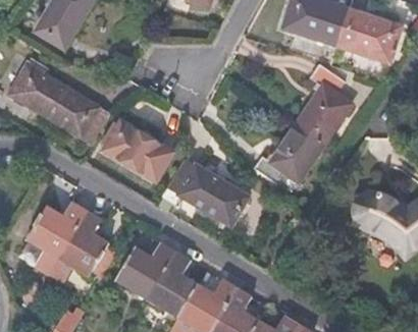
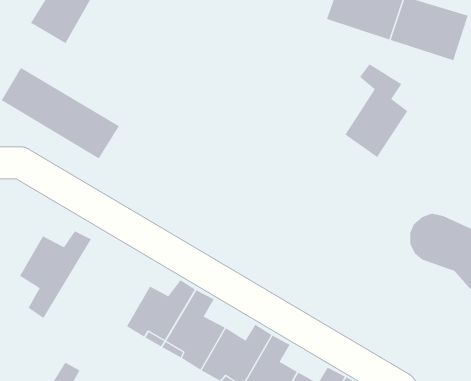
building: [101,121,246,225] -> none
building: [254,123,324,183] -> none
building: [47,210,109,285] -> none

